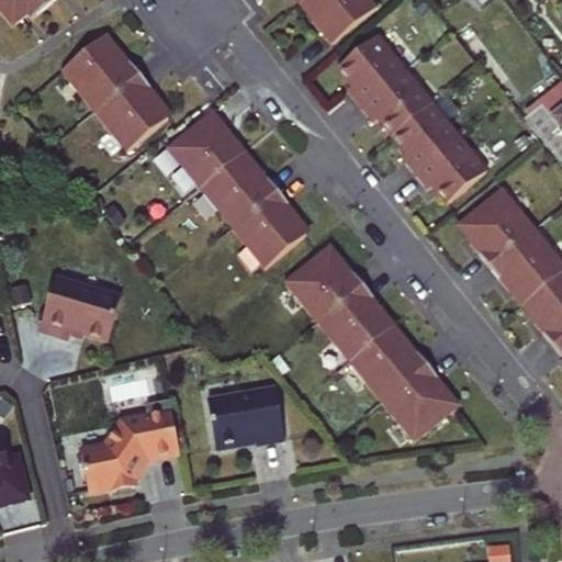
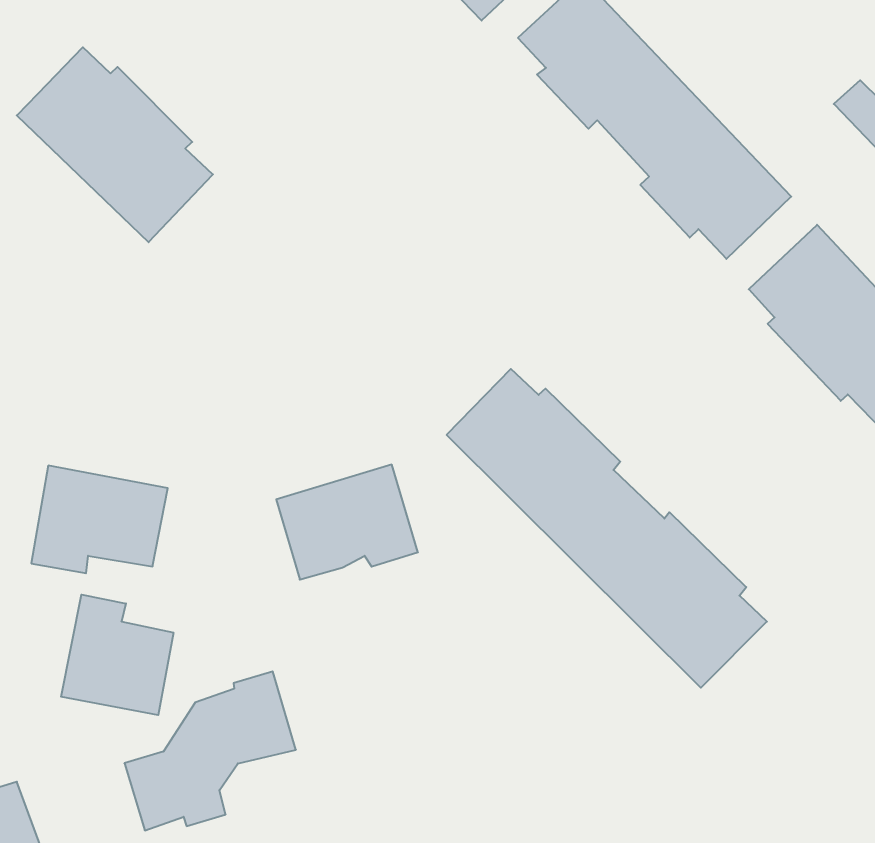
building: [164,110,305,268] -> none
building: none -> [61,595,173,715]
building: [205,385,283,446] -> [276,465,418,580]

